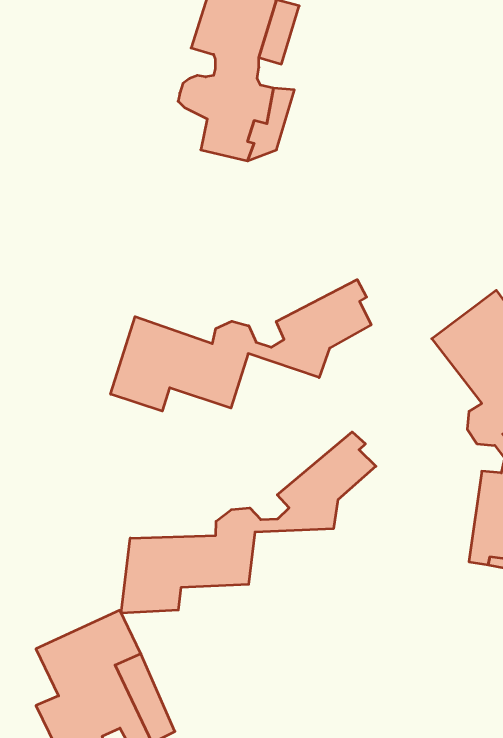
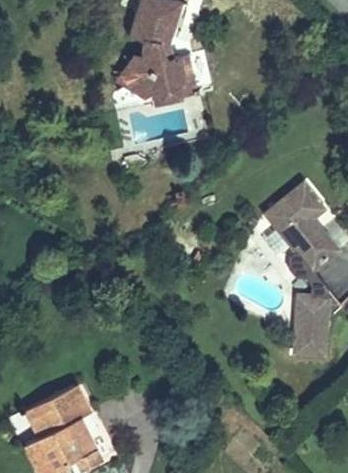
building: [111,280,371,411] -> none
building: [121,432,376,613] -> none

